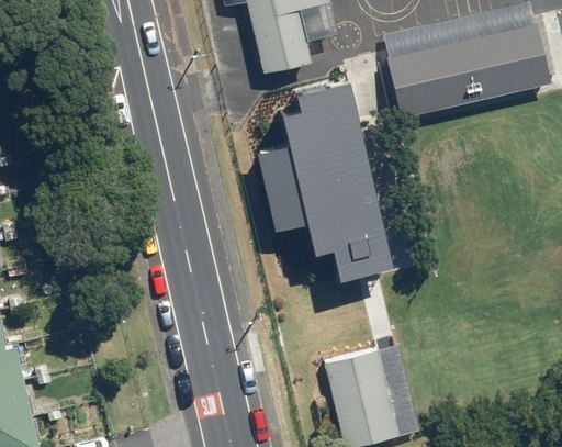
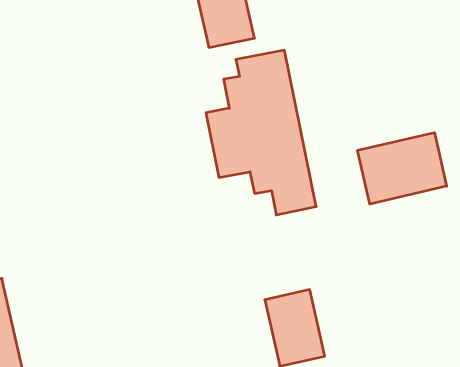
building: [387,21,549,119] -> none
building: none -> [358,133,447,204]

